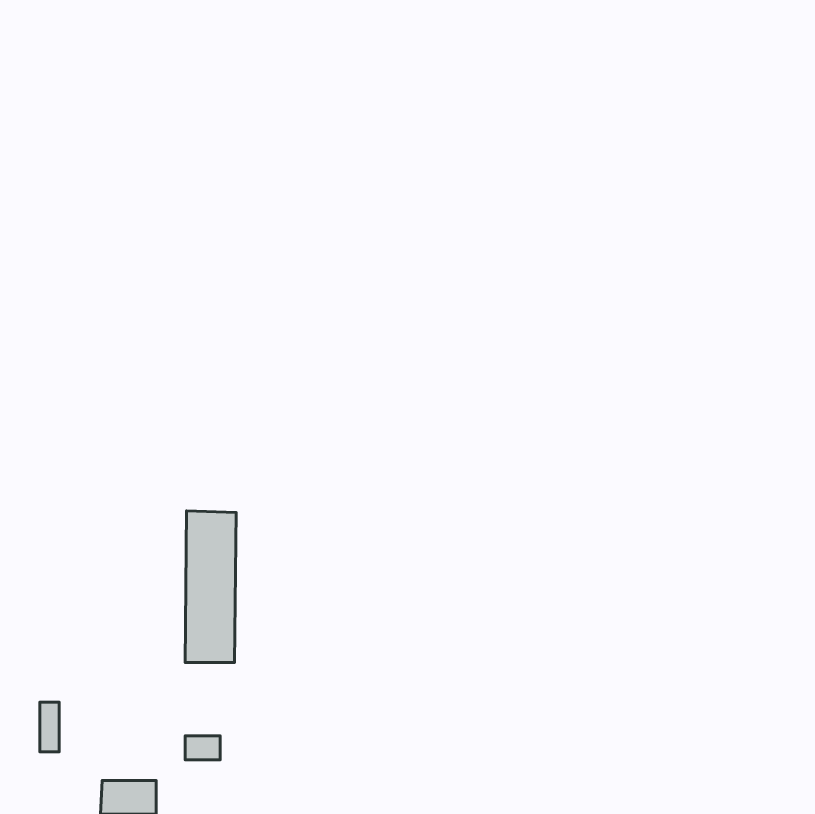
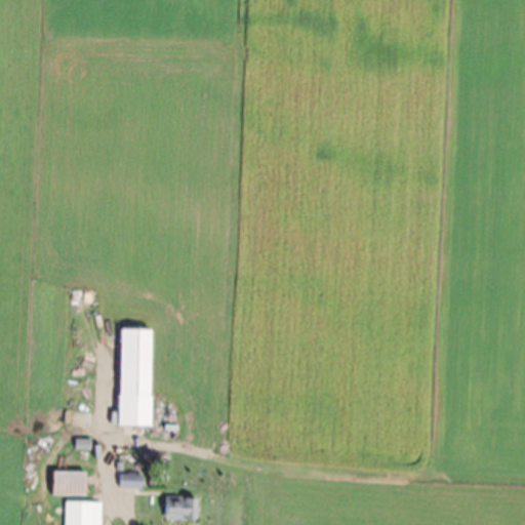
building: none -> [52,471,85,495]
building: none -> [166,497,197,519]

